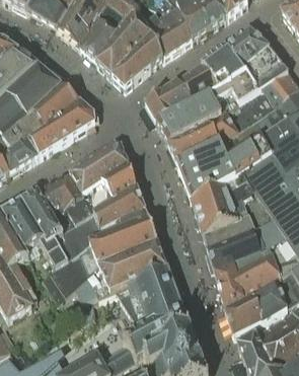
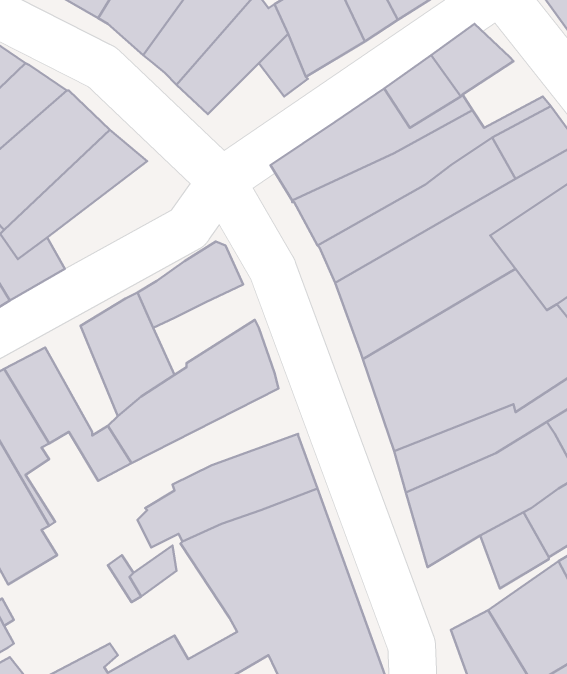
building: [243,48,285,82] -> none
building: [111,49,151,87] -> none
building: [28,99,95,155] -> none
building: [83,163,136,210] -> none
building: [27,184,65,241] -> none
building: [43,217,158,300] -> none
building: [225,293,263,334] -> none

